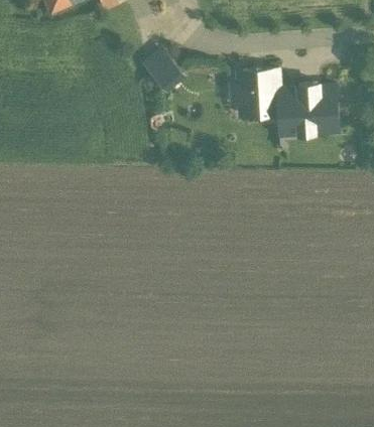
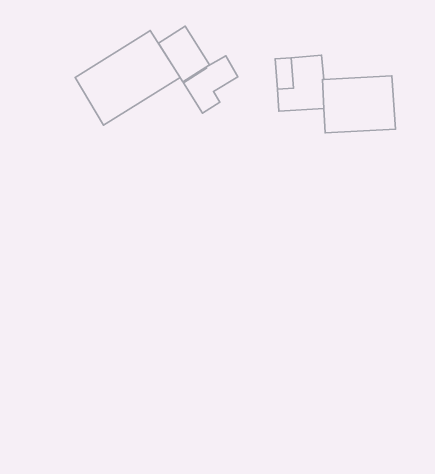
building: none -> [75,30,180,125]
building: none -> [183,56,238,113]

